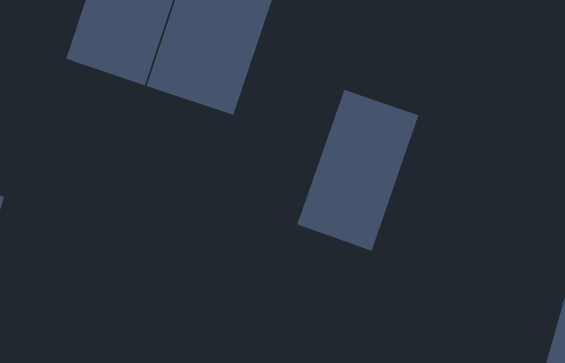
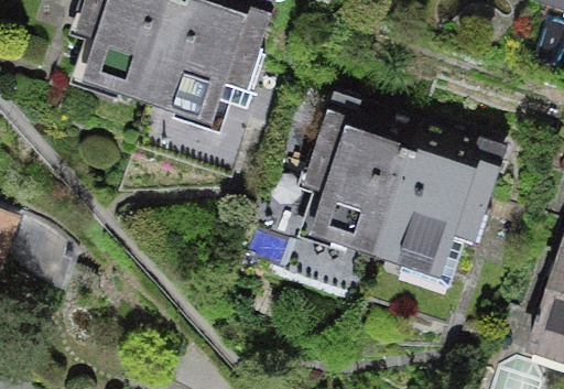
building: none -> [367,123,502,288]

